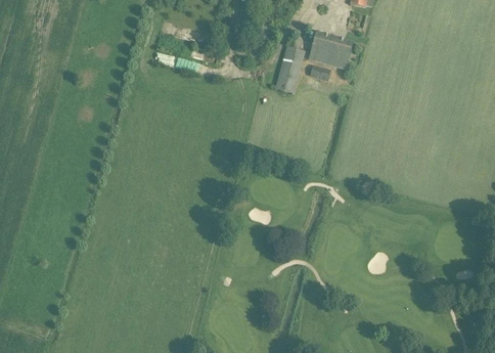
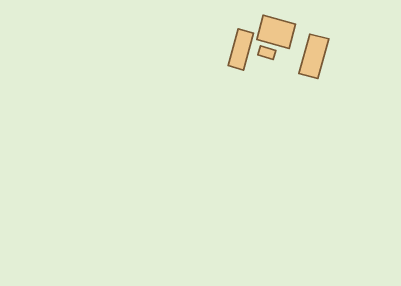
building: none -> [299,34,329,78]

